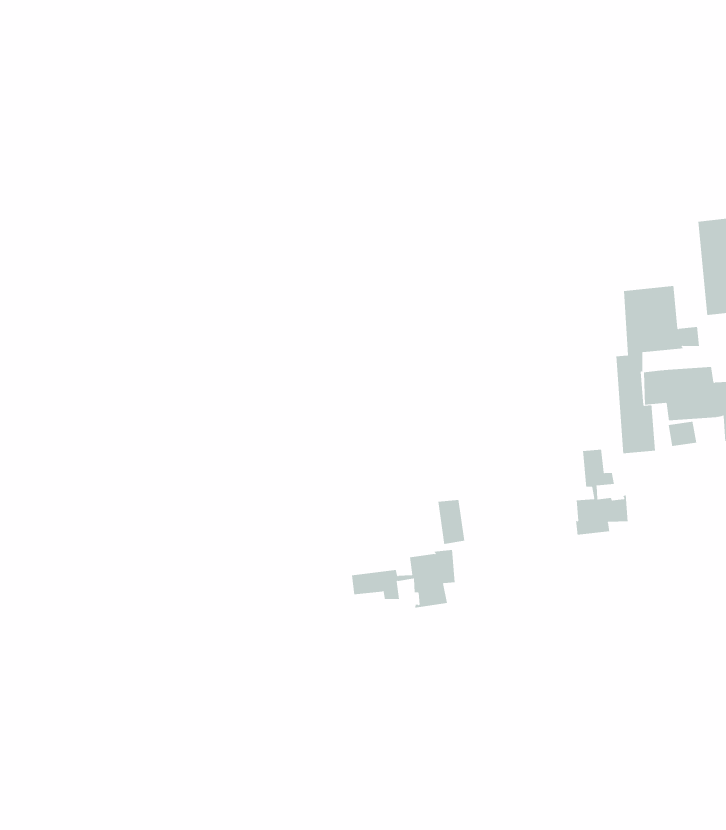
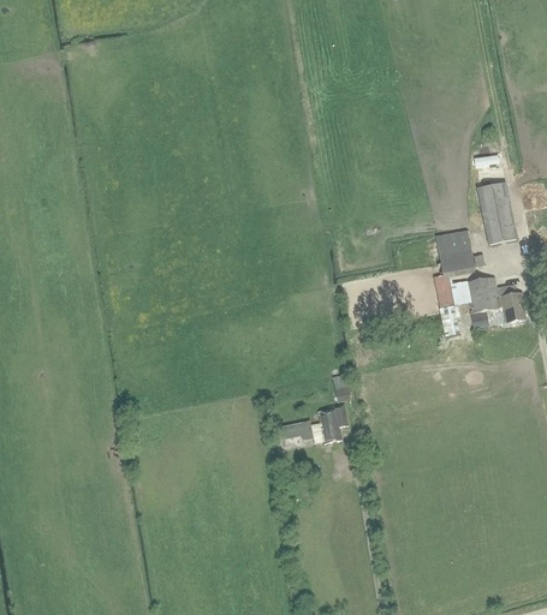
building: [575,449,628,536] -> none

